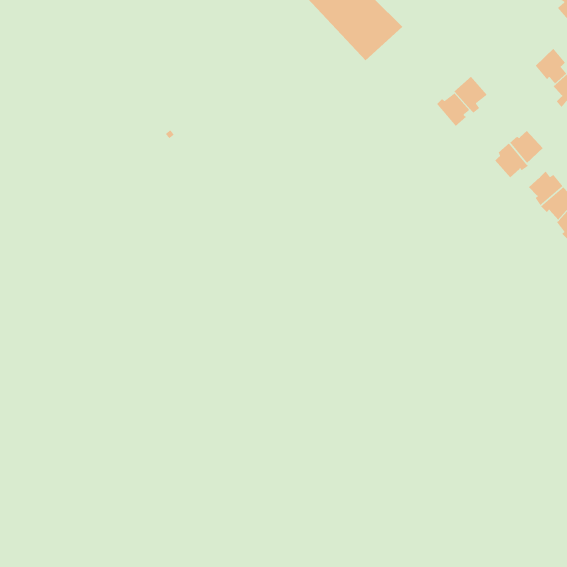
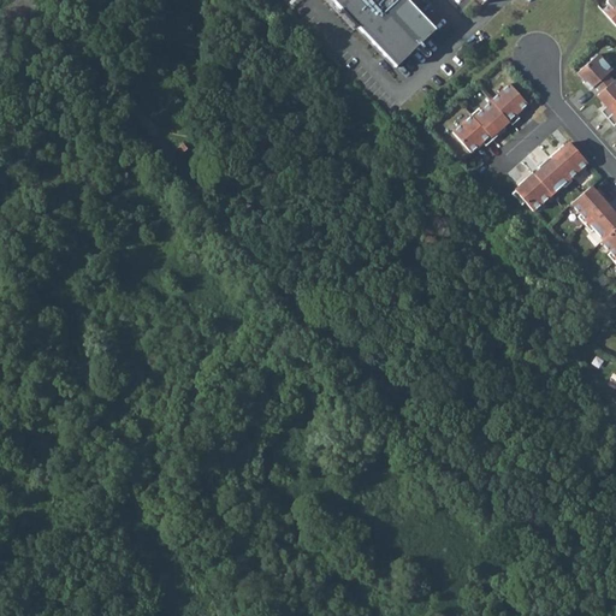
building: none -> [455,113,494,150]
building: none -> [514,170,553,208]

